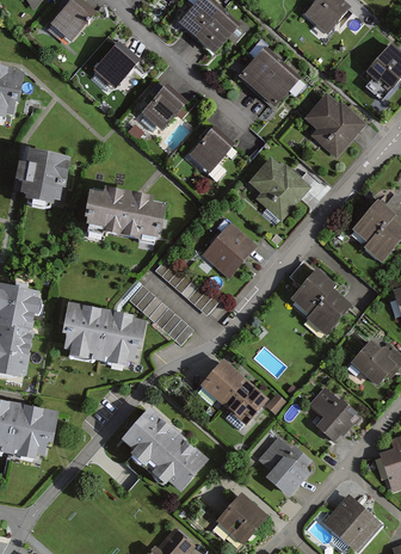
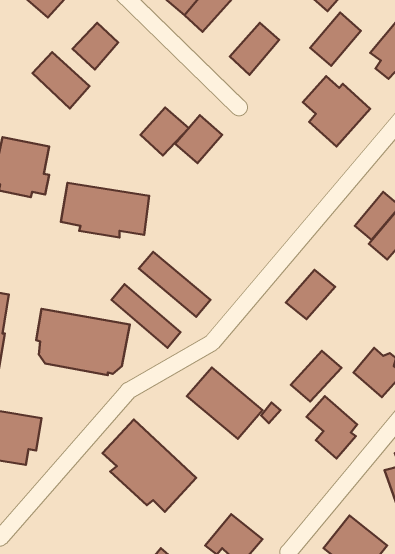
building: [255,60,302,109] -> [310,13,361,66]
building: none -> [33,52,89,109]
building: [140,86,184,130] -> [141,107,189,156]
building: [247,155,310,220] -> none
building: [202,221,257,277] -> none
building: [306,289,352,336] -> [291,351,341,402]
building: [258,438,310,500] -> none

